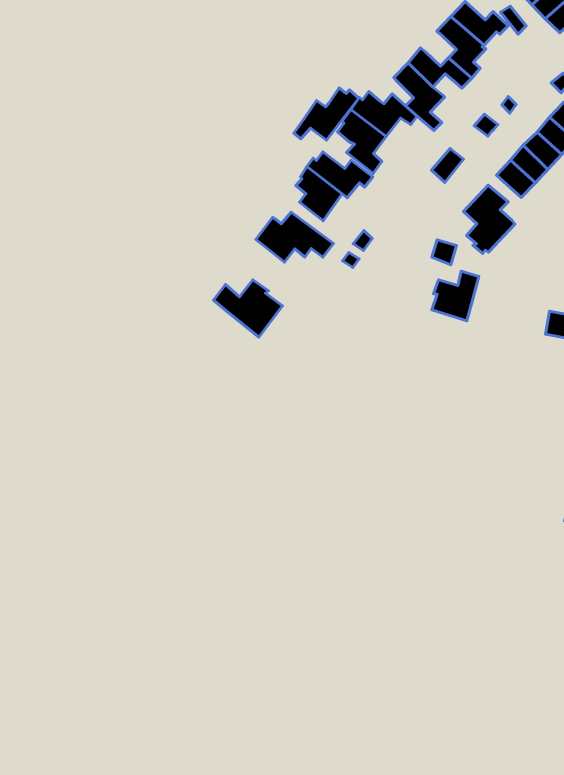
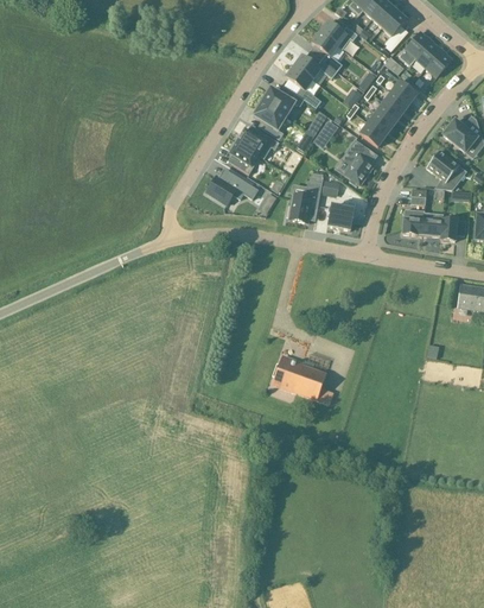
building: [294,88,359,140] -> none
building: none -> [286,179,321,221]
building: [213,280,283,337] -> none
building: none -> [270,355,326,399]

